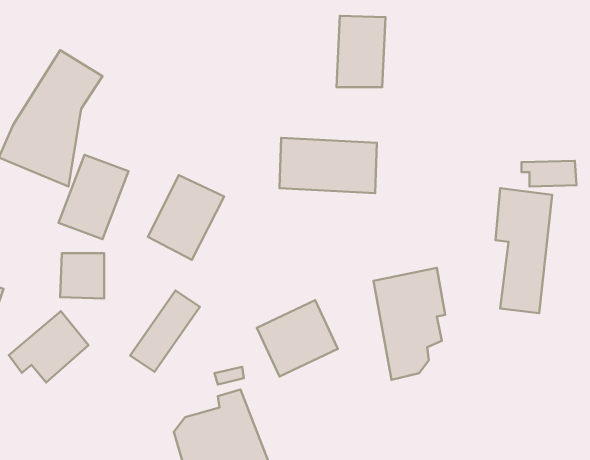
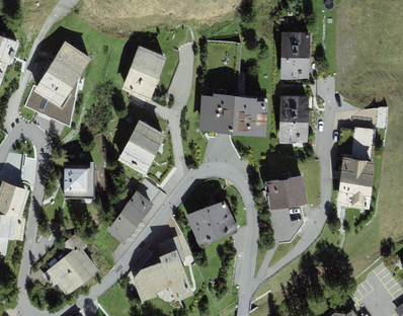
building: [337,16,385,87] -> [280,32,311,77]
building: none -> [280,97,305,141]
building: [59,155,128,239] -> [124,46,167,98]
building: [9,311,88,383] -> [45,247,94,292]

